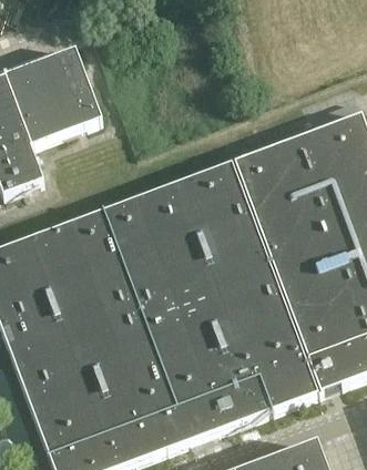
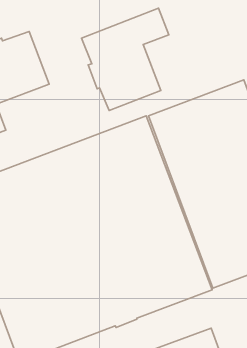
building: none -> [81,8,169,110]

